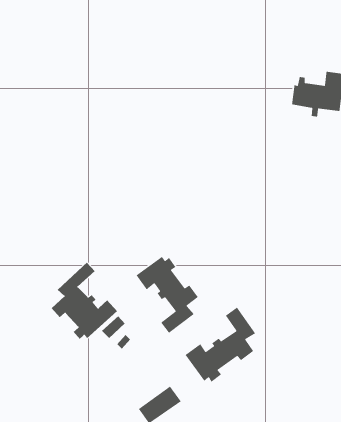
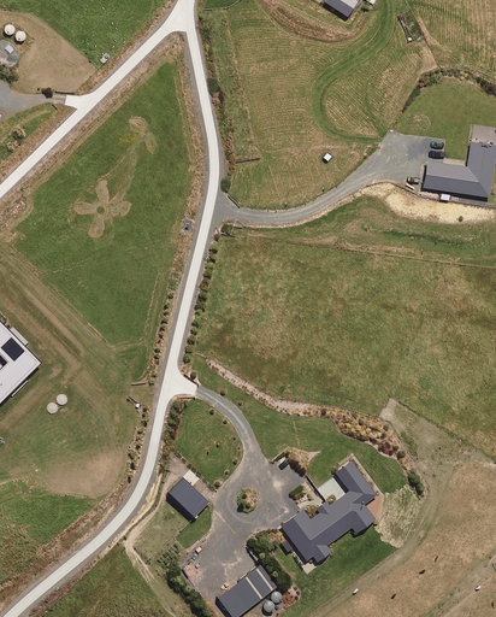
building: [135,256,199,334] -> none
building: [51,262,118,340] -> none

